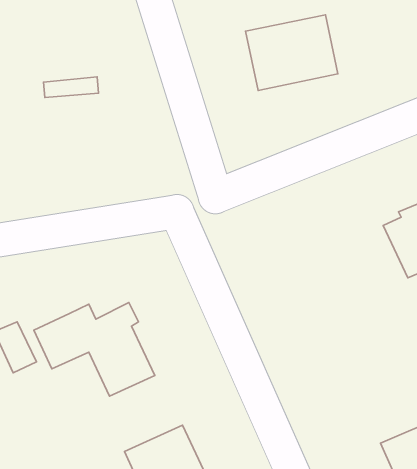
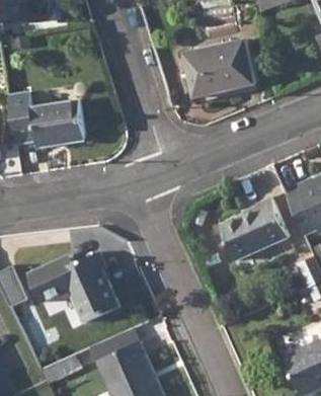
building: none -> [7,92,83,148]
building: none -> [218,199,287,262]

